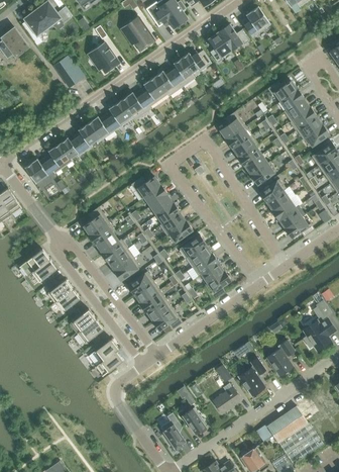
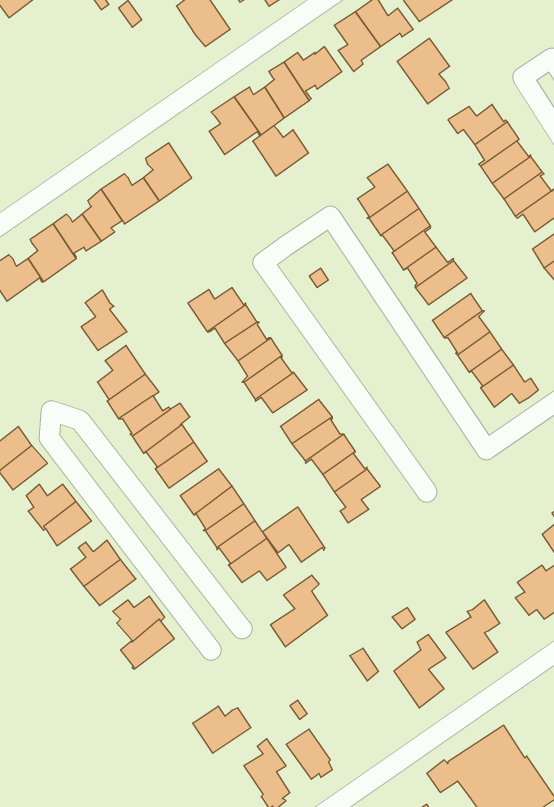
building: [91,42,118,71] -> none
building: none -> [397,38,450,104]
building: [54,54,85,87] -> none
building: [120,92,149,118] -> [253,126,309,176]
building: none -> [81,290,127,351]
building: none -> [262,507,325,562]
building: none -> [271,575,328,647]
building: [212,383,241,413] -> none
building: none -> [193,706,251,753]

